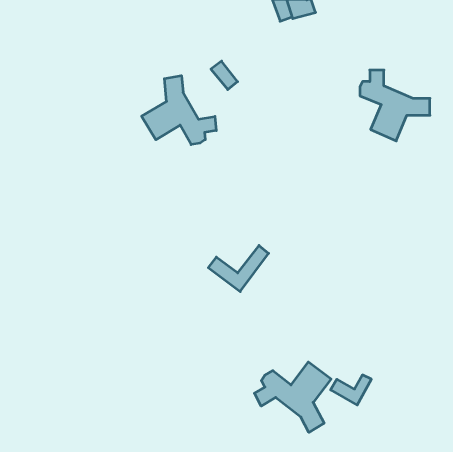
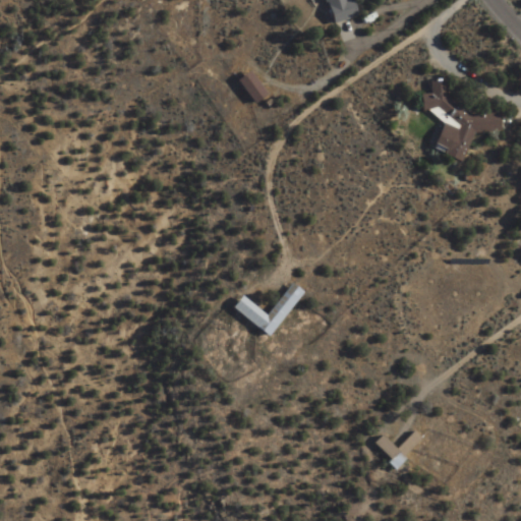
building: [142,76,216,145] -> none
building: [254,362,331,432] -> none

